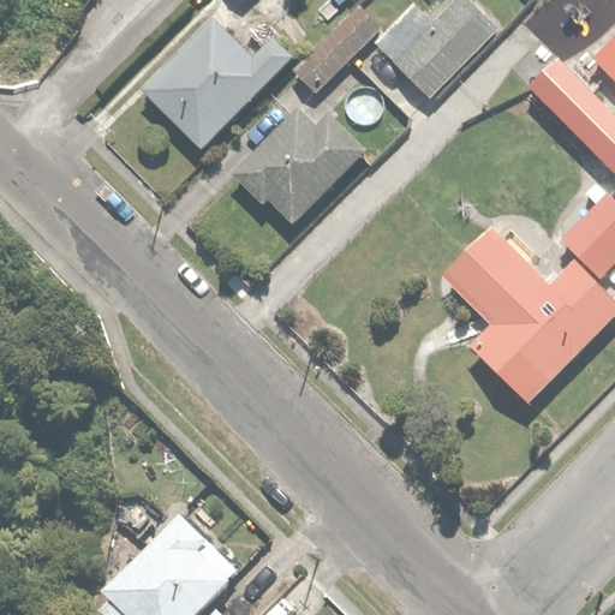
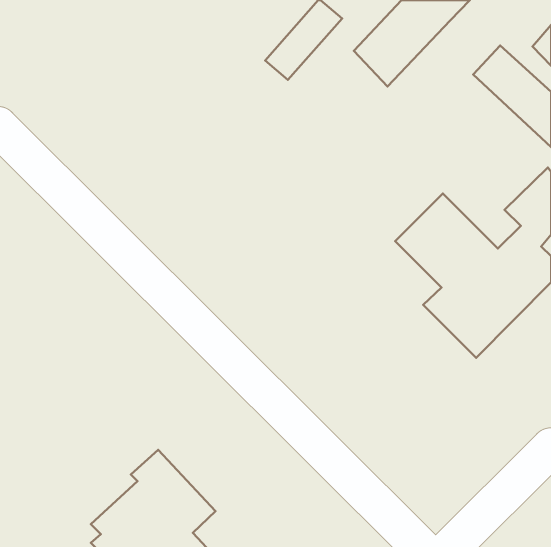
building: [138,14,297,156] -> none
building: [232,107,365,225] -> none

